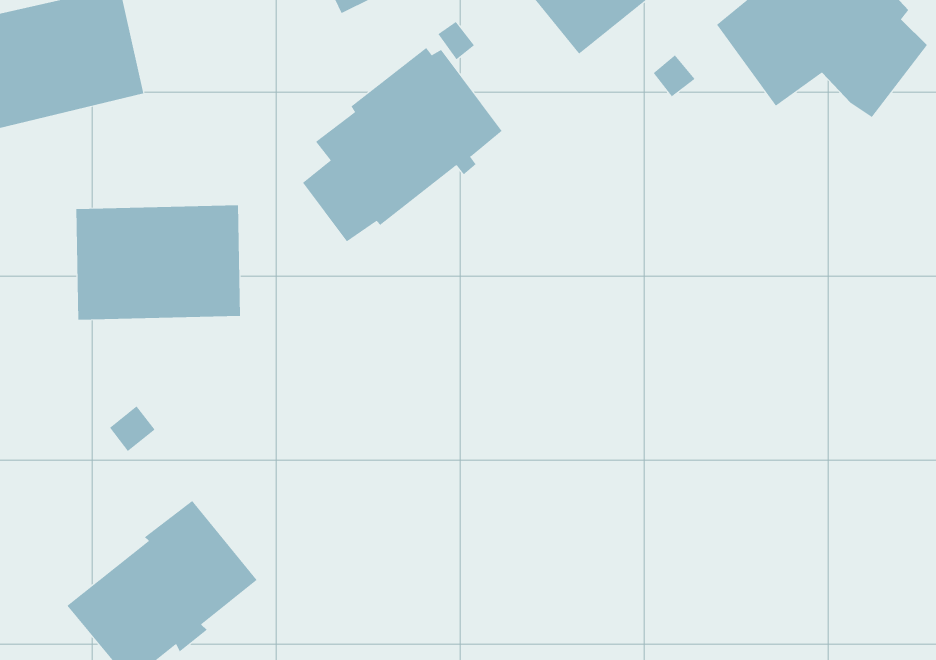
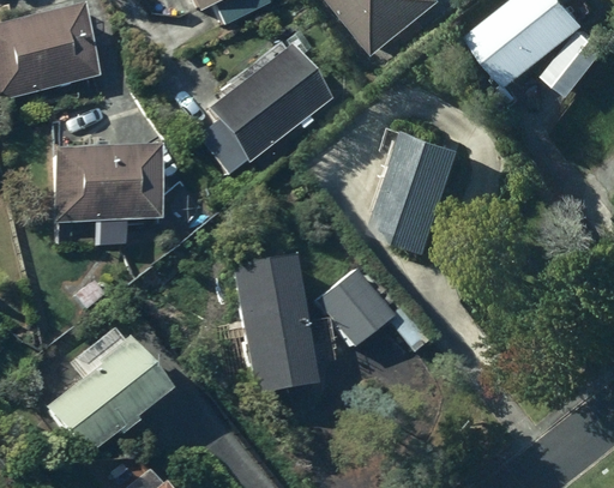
building: none -> [347,127,472,251]
building: none -> [223,255,341,397]
building: none -> [315,267,423,347]

